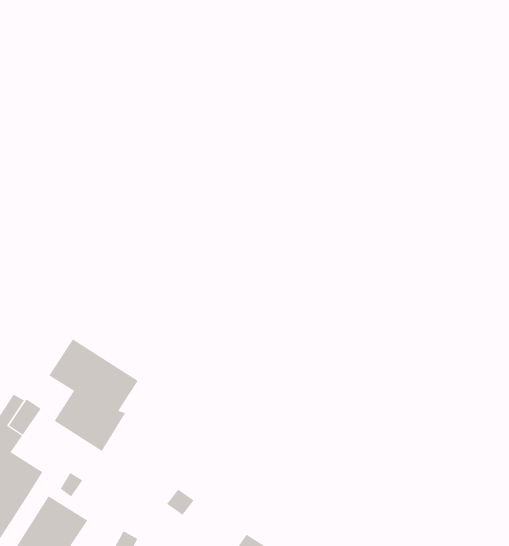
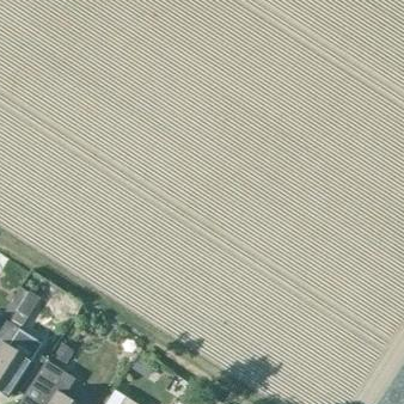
building: [48,338,139,452] -> none

